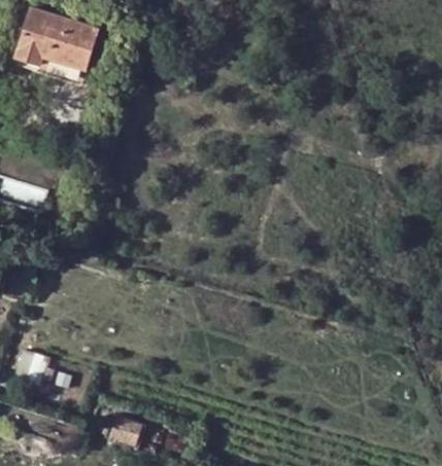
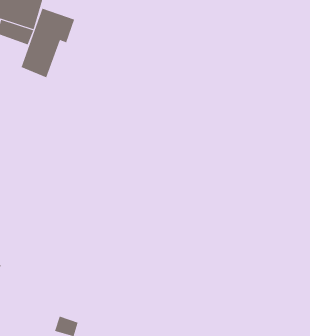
building: none -> [21,8,75,78]

